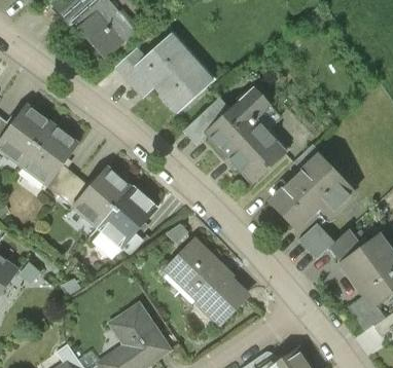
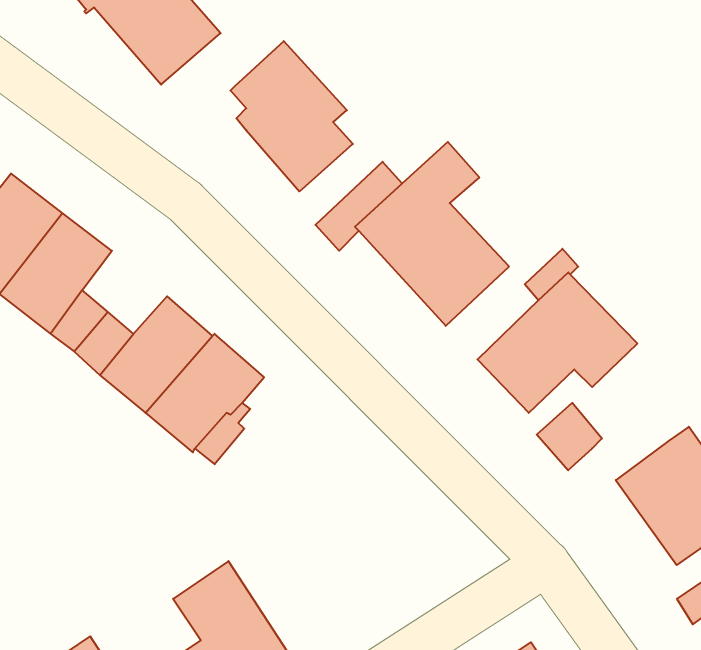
building: [114,49,148,90] -> none
building: [328,227,368,262] -> none
building: [160,237,253,329] -> none

